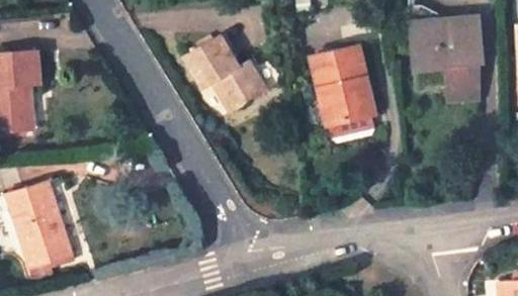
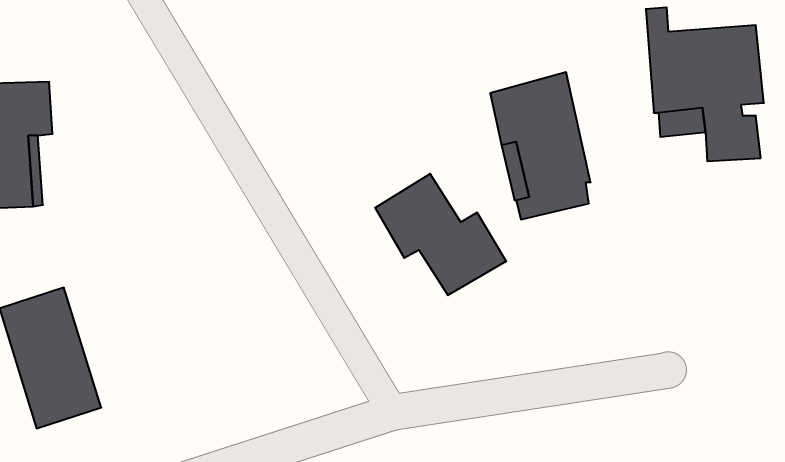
building: [185,36,267,112] -> [375,174,506,295]

